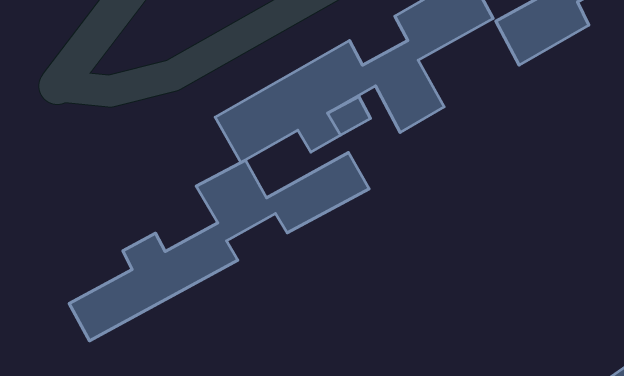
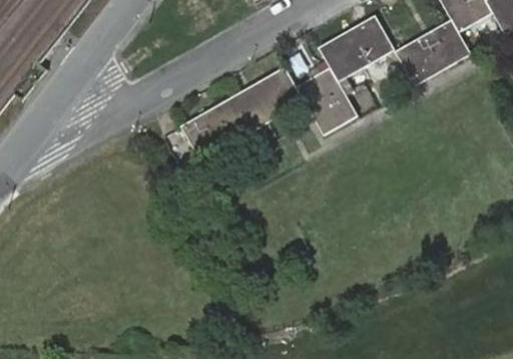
building: [69,153,369,341] -> none

